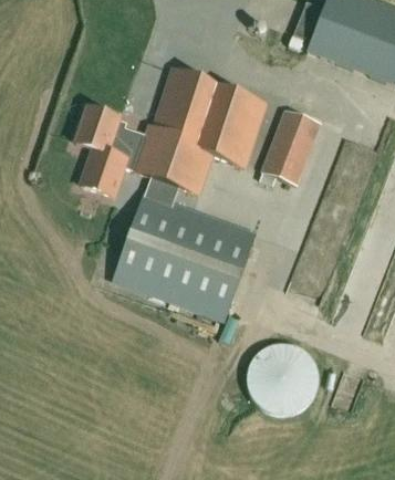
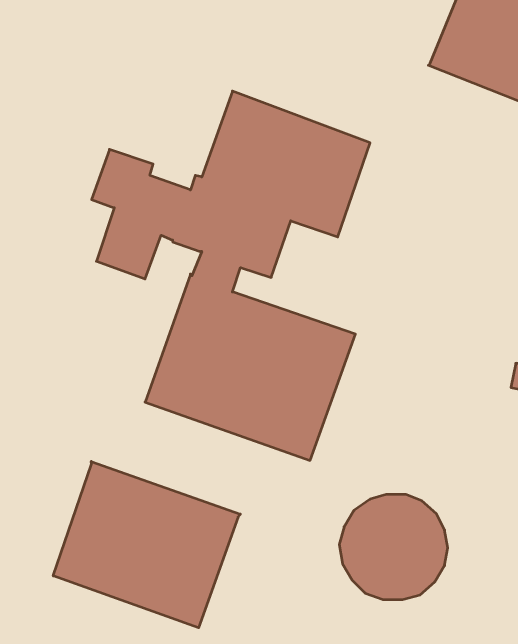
building: [258,107,321,186] -> none
building: none -> [53,461,240,628]

